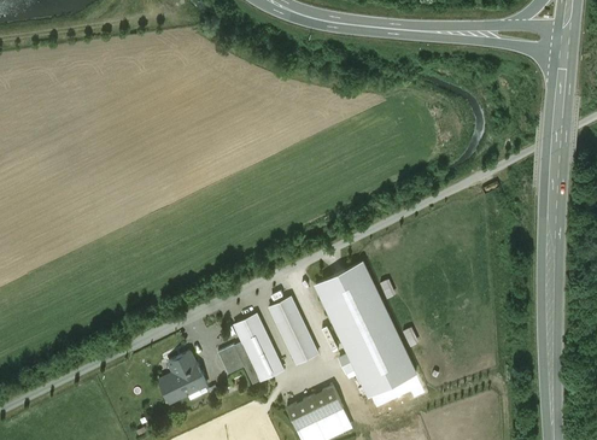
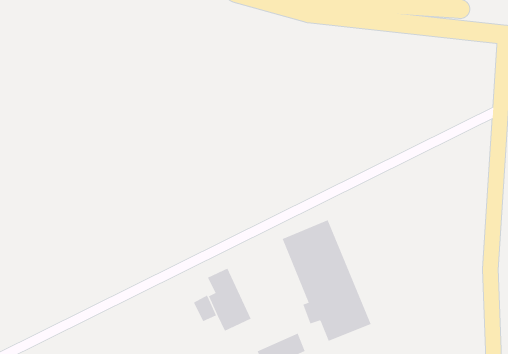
building: [269,298,317,364] -> none
building: [158,353,206,404] -> none

